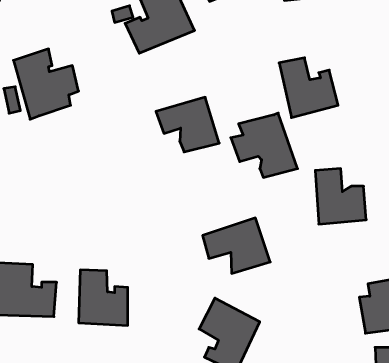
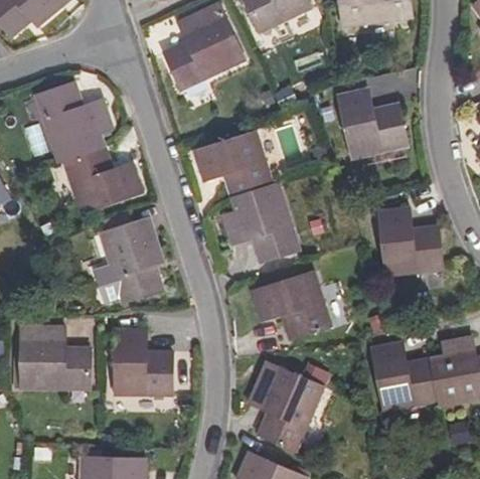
building: none -> [67,144,139,210]
building: [231,113,298,177] -> [224,185,301,259]
building: none -> [101,220,160,299]
building: none -> [371,347,441,412]

